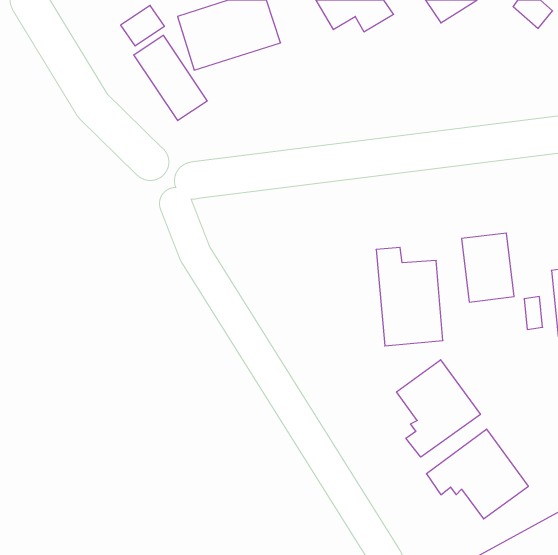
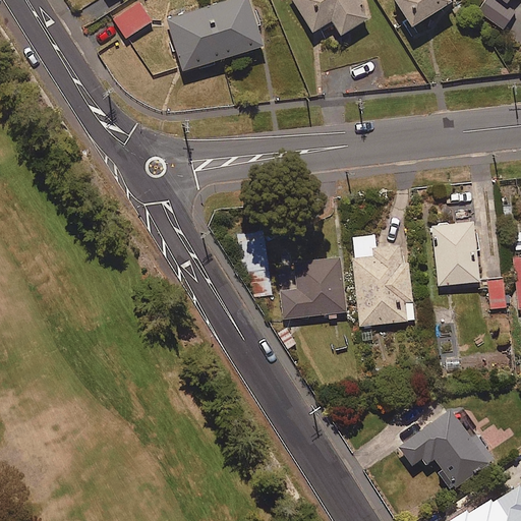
building: [134,35,207,121] -> none
building: none -> [278,255,346,319]
building: [397,360,480,457] -> none

